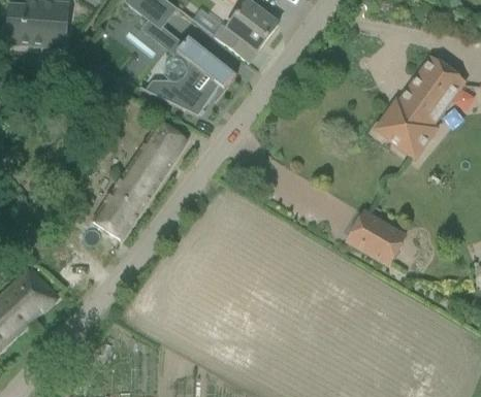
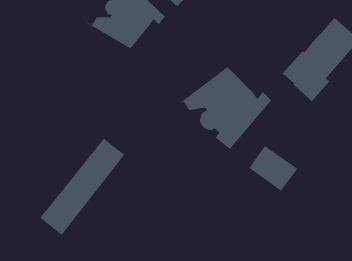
building: [93,121,186,238] -> [39,138,125,236]
building: none -> [172,66,272,150]

